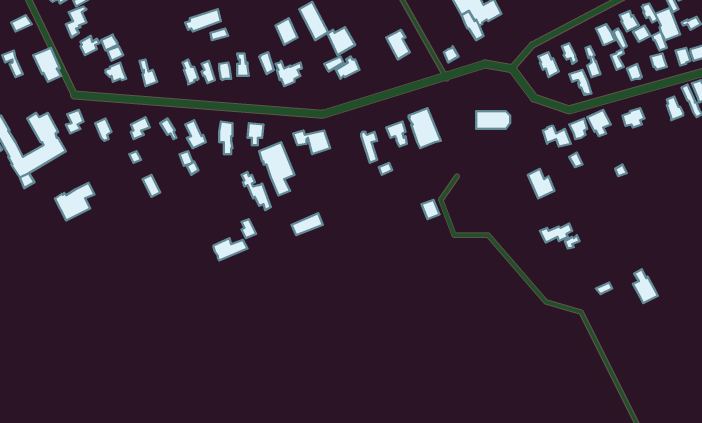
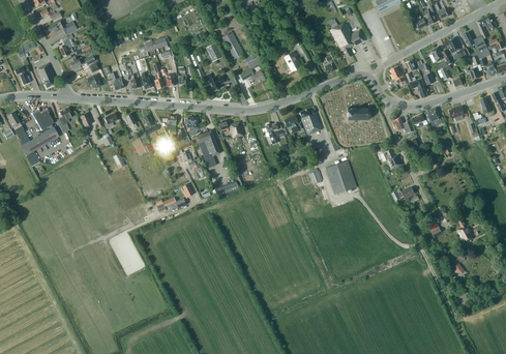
building: [55,183,95,220] -> none
building: none -> [324,159,356,194]

